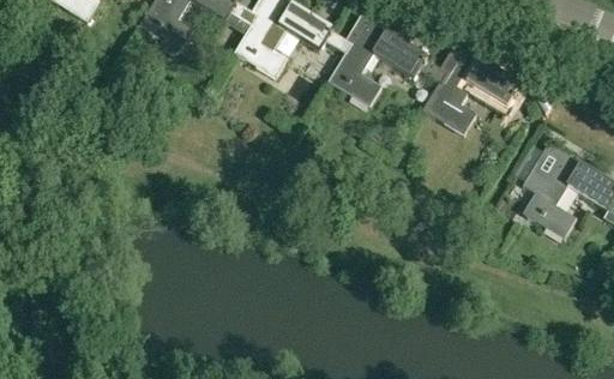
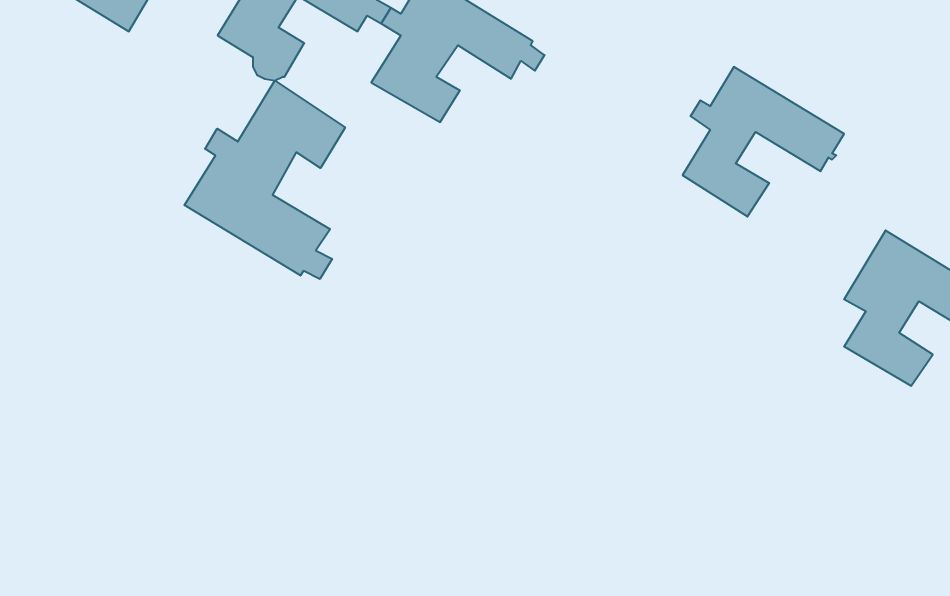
building: [330,16,435,106] -> none
building: none -> [184,81,345,279]

